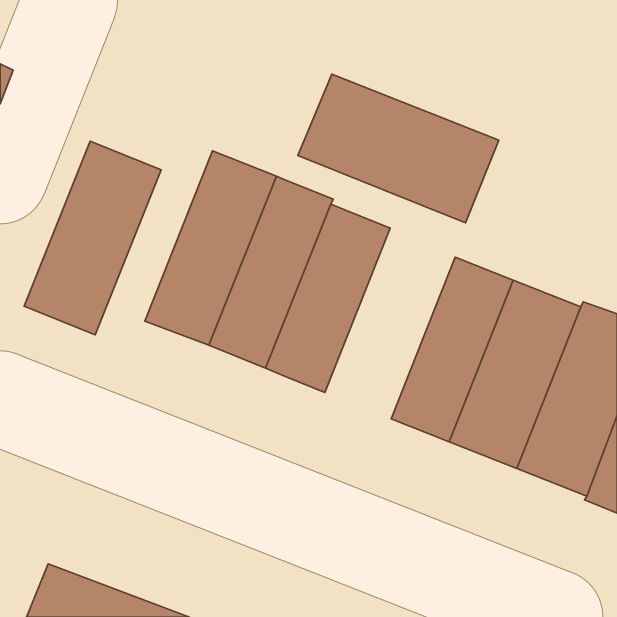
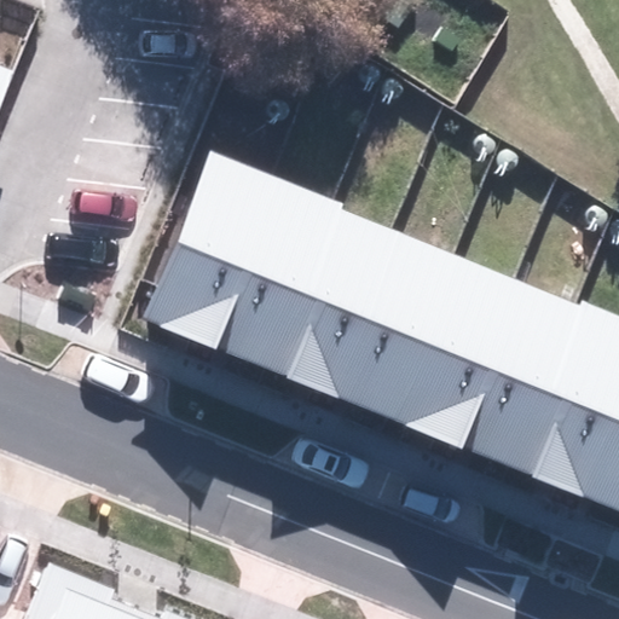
building: [298,74,499,223] -> none
building: [24,141,161,335] -> none
building: none -> [325,228,457,420]

